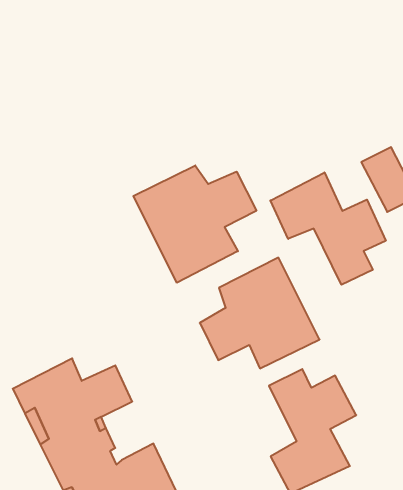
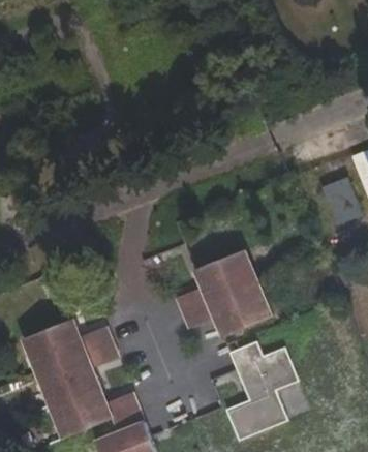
building: [133,165,256,283] -> none
building: [270,172,386,285] -> none

